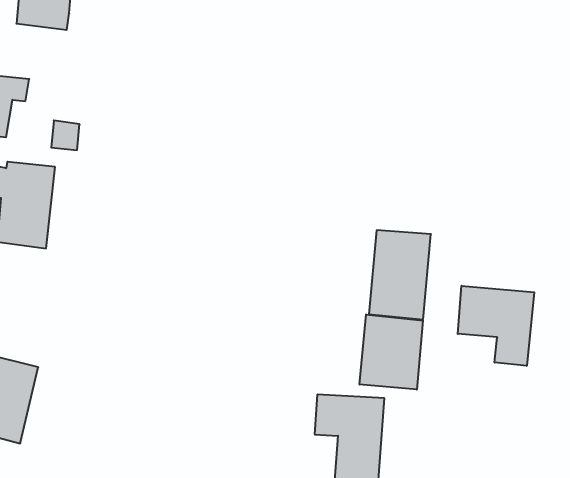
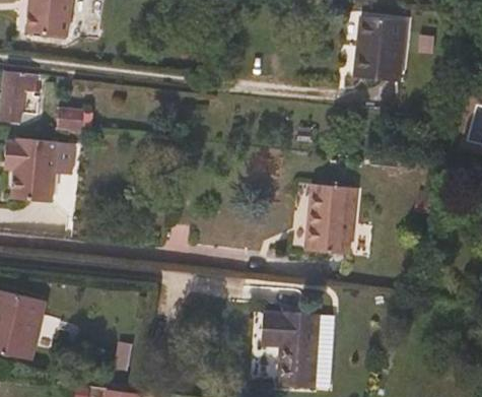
building: none -> [354,18,407,83]
building: [458,286,534,366] -> none
building: [360,314,423,390] -> none

